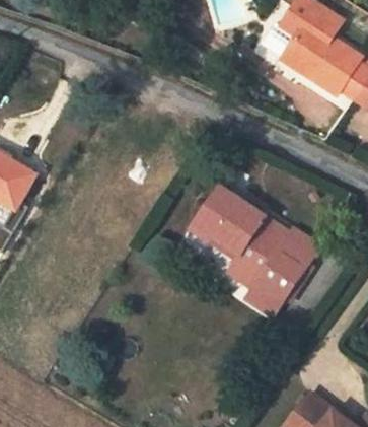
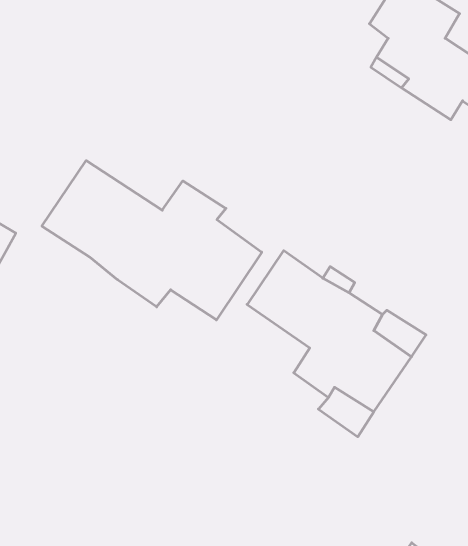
building: none -> [42,161,262,320]

